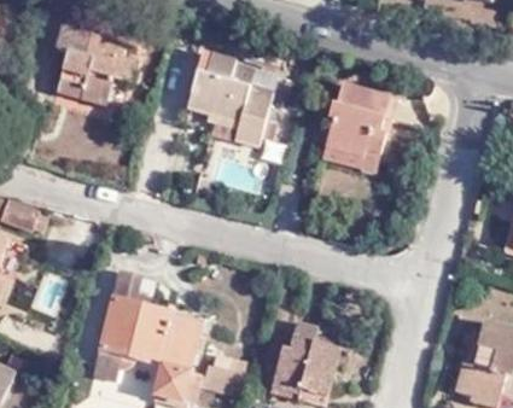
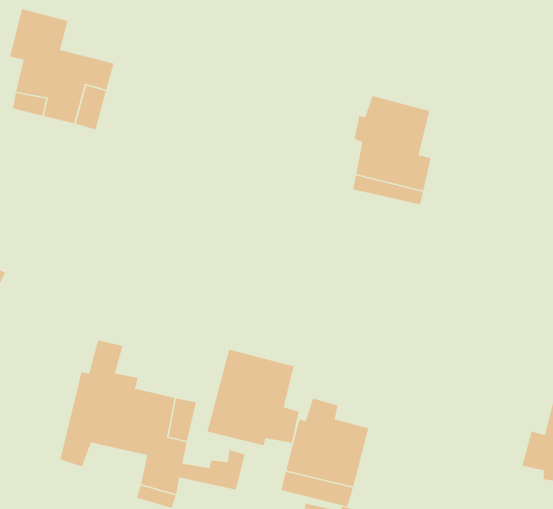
building: [183,56,268,142] -> none
building: none -> [206,349,300,446]

